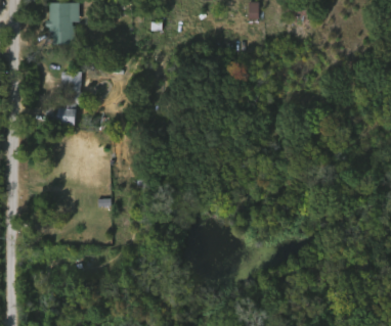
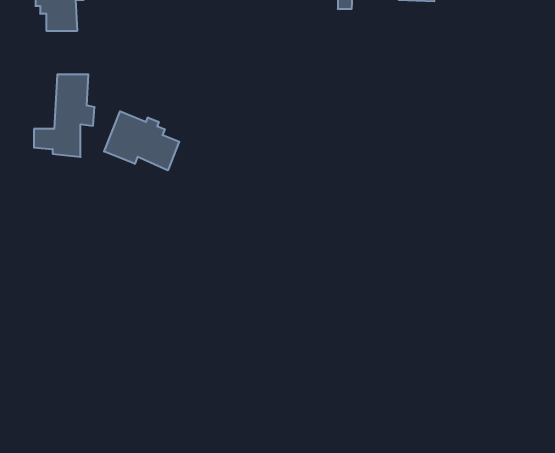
building: none -> [104,111,179,170]

